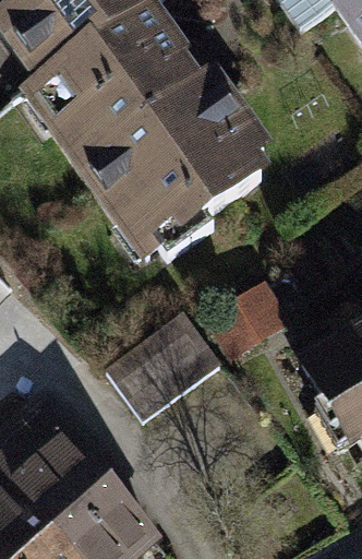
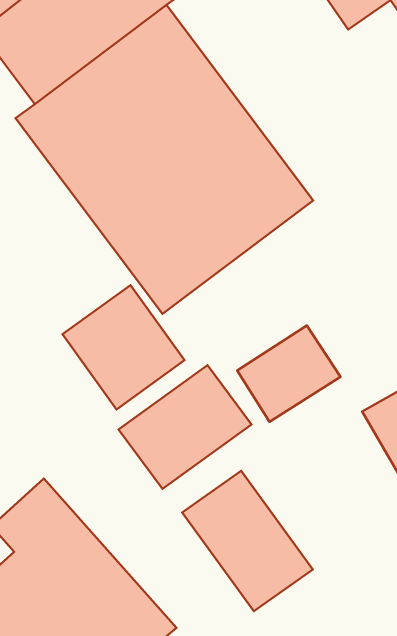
building: none -> [63,285,185,409]
building: none -> [182,471,313,611]

